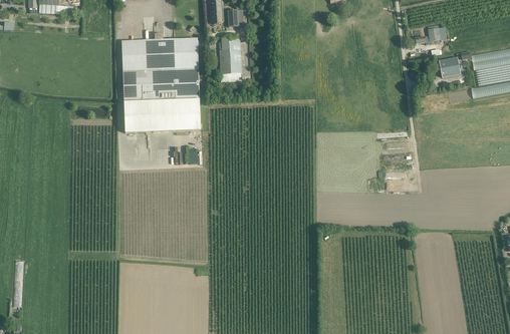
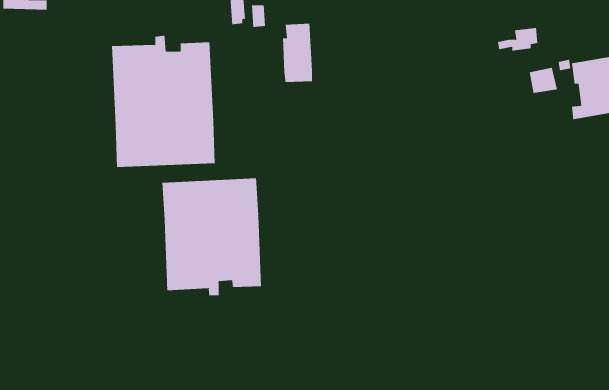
building: [218,36,241,81] -> [282,23,313,83]
building: none -> [162,178,261,296]

